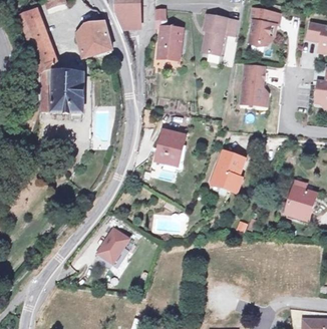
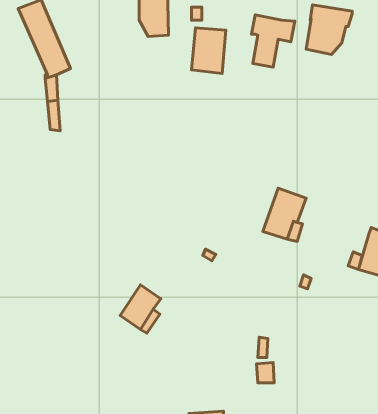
building: [79,17,113,50] -> none
building: [58,64,90,106] -> none
building: [239,64,267,104] -> none
building: [157,132,187,166] -> none

